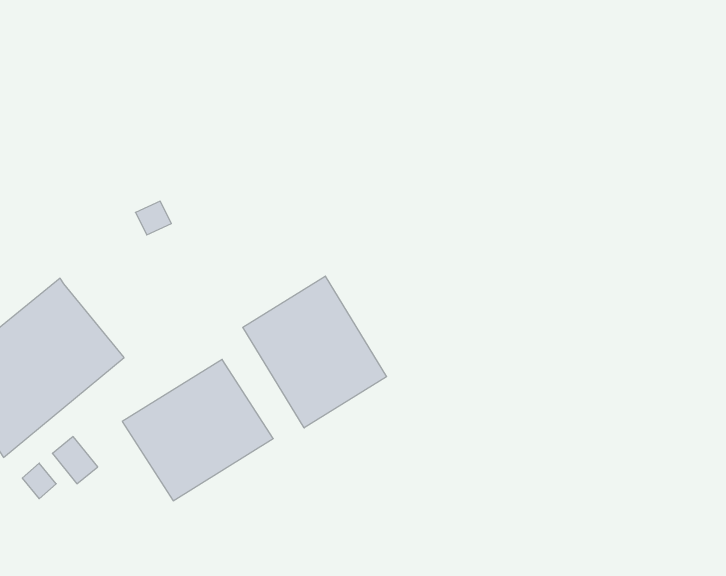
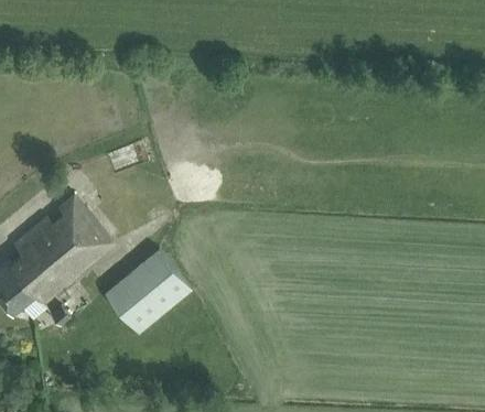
building: [243,276,387,428] -> none

